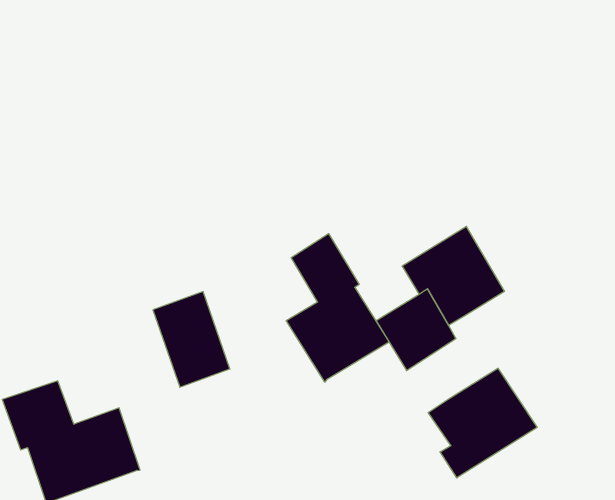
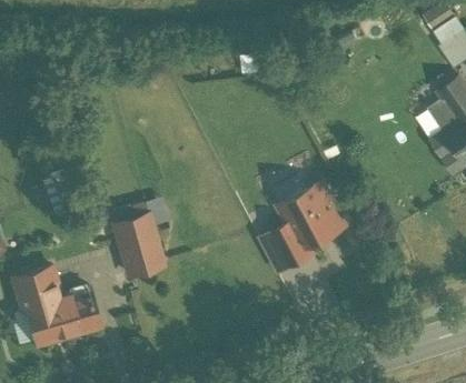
building: [286,234,389,382] -> none
building: [428,368,537,478] -> none

